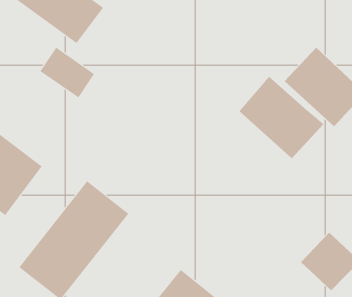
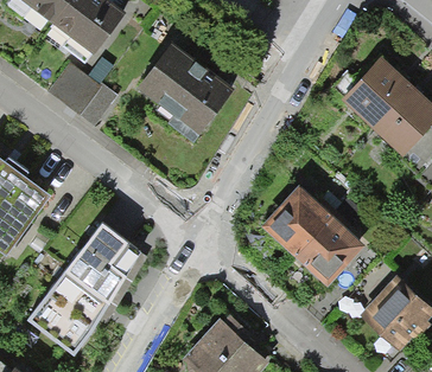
building: none -> [142,47,237,136]
building: [239,76,324,159] -> [262,185,363,283]

